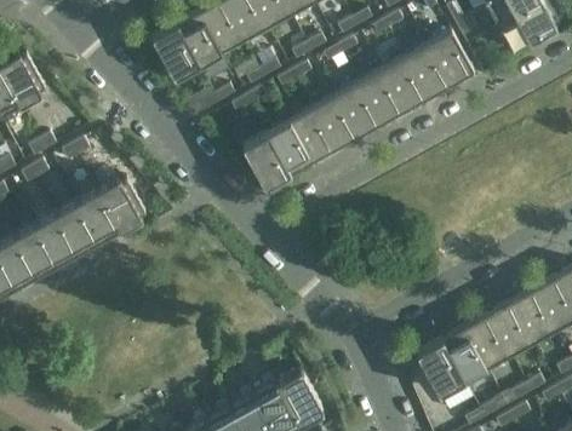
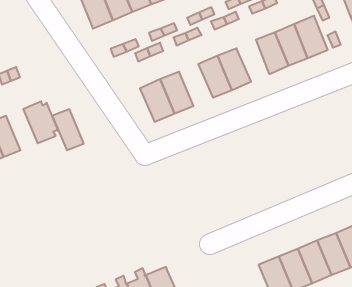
building: [358,70,402,123] -> none
building: [288,109,334,162] -> none
building: [76,190,120,242] -> [52,109,84,150]

